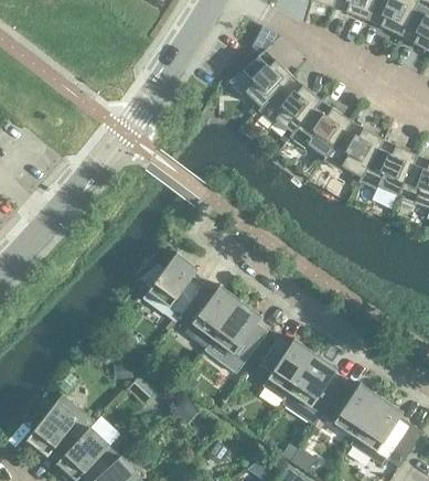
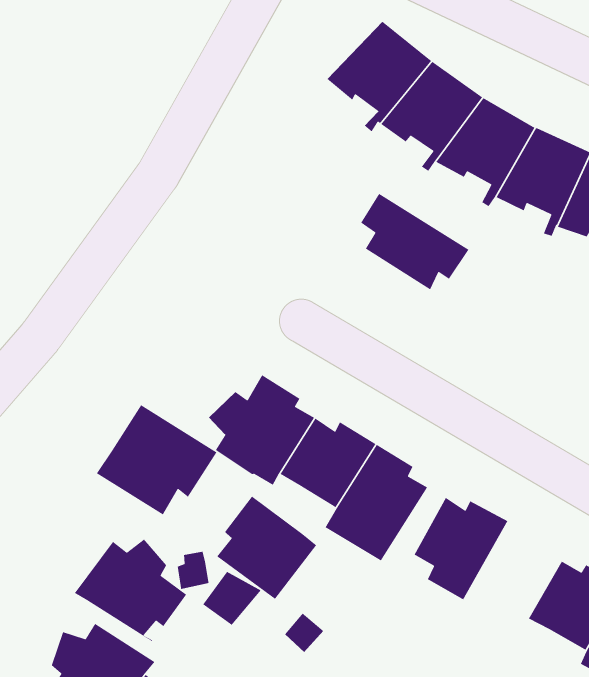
building: none -> [360,193,470,290]
building: none -> [96,404,217,515]
building: none -> [216,496,317,600]
building: none -> [74,539,187,642]
building: [281,355,344,426] -> none

